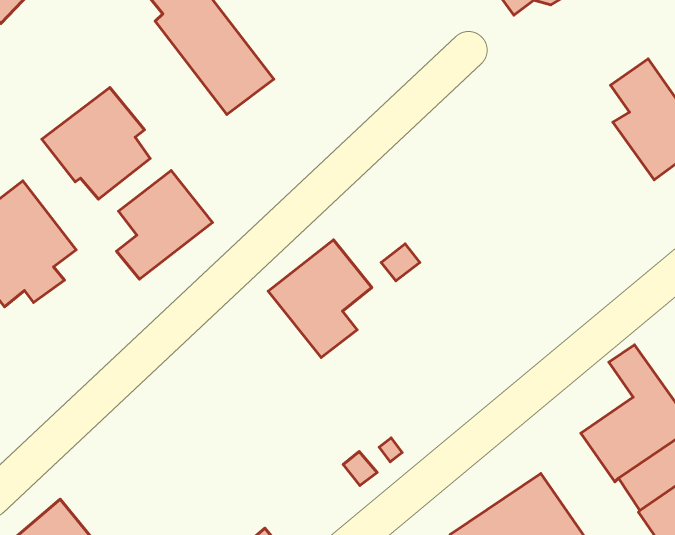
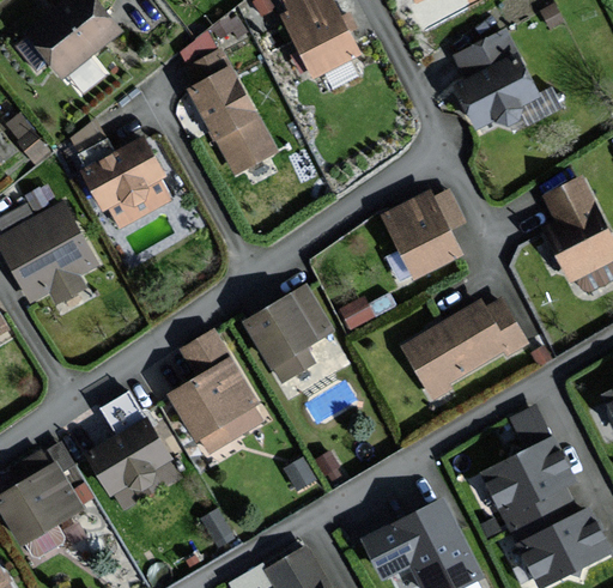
building: none -> [383,189,463,277]
building: [117,170,212,279] -> none
building: none -> [402,299,526,398]
building: none -> [171,332,263,451]
building: none -> [85,393,169,495]

